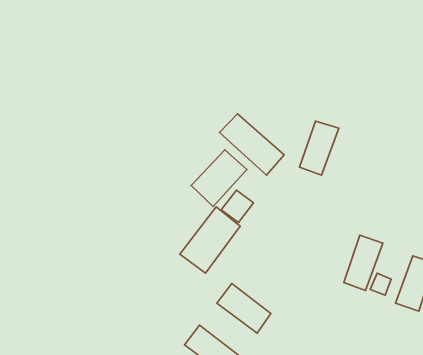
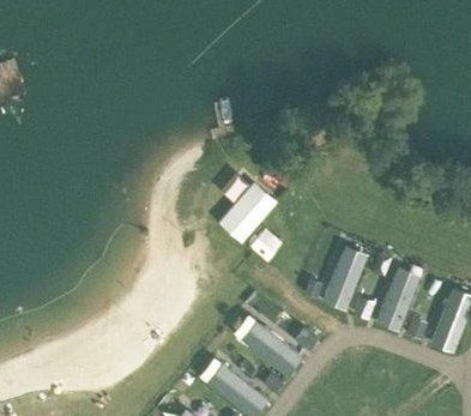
building: [219,114,284,175] -> none
building: [299,121,339,175] -> [322,255,363,312]
building: [180,207,240,273] -> none

